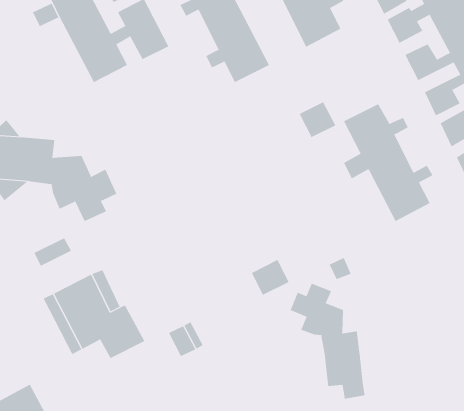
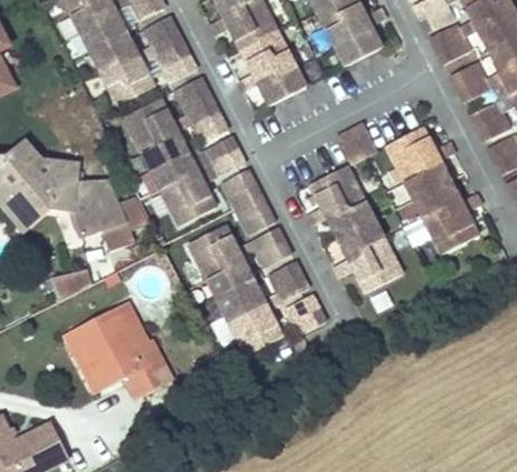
building: none -> [122,73,247,224]
building: none -> [307,164,400,291]
building: none -> [221,167,276,232]
building: none -> [187,223,310,353]
building: [290,283,365,399] -> none

